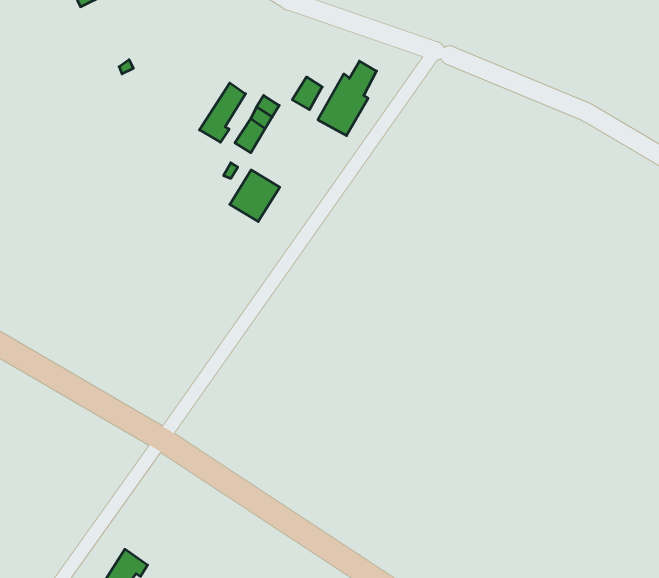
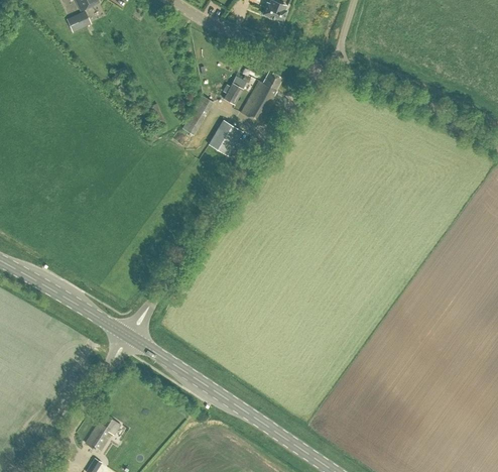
building: [199,83,246,142] -> none
building: [230,170,280,222] -> [208,120,243,156]

